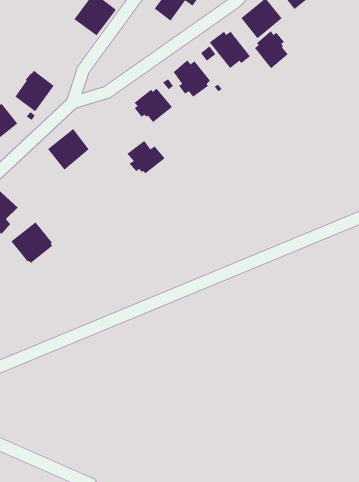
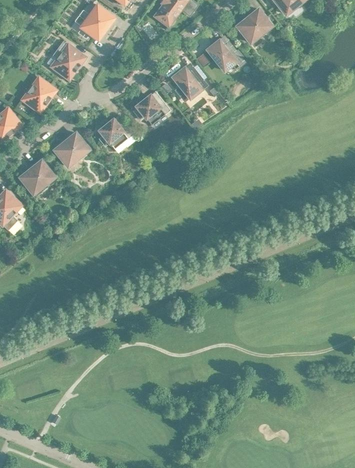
building: [254,30,288,69] -> none
building: none -> [49,40,88,81]
building: [126,140,166,174] -> [96,116,133,148]
building: [10,221,53,264] -> [17,157,57,197]

